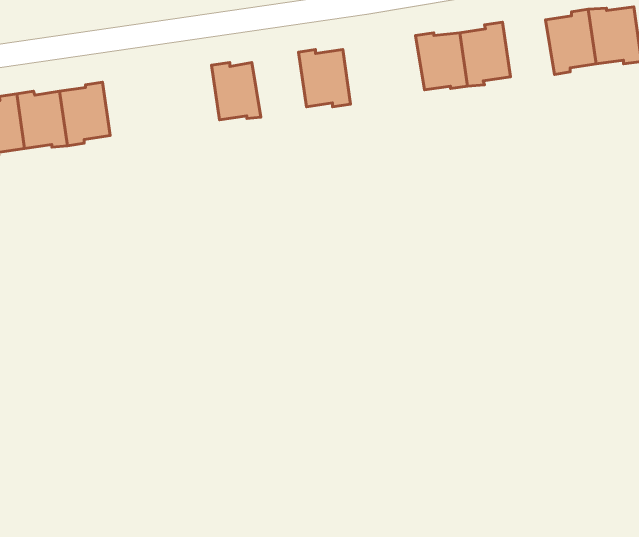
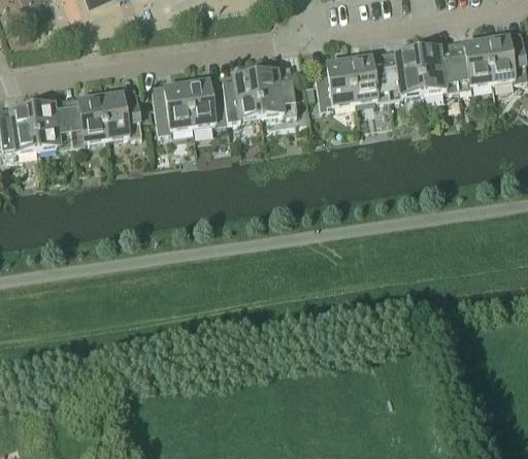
building: none -> [417,44,458,90]
building: none -> [314,57,355,107]
building: none -> [218,70,261,122]
building: none -> [151,80,192,131]
building: none -> [99,91,141,136]

